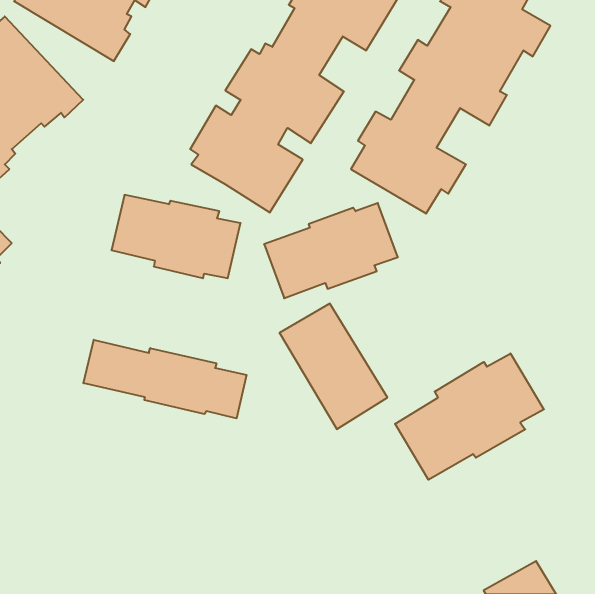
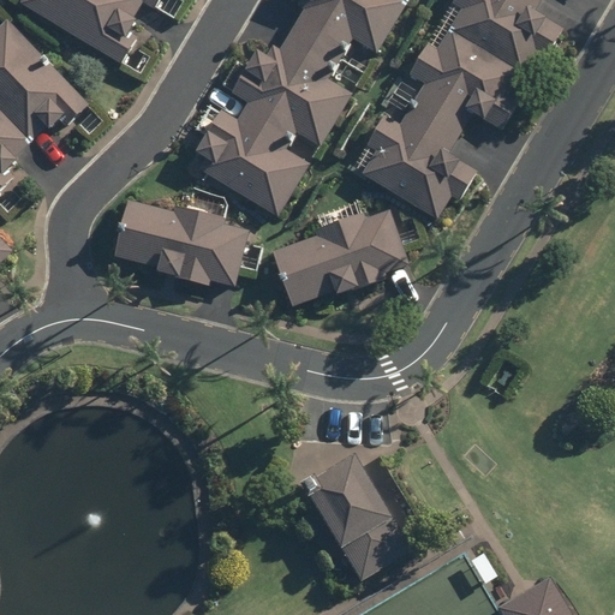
building: [279,304,387,429] -> [300,450,411,579]
building: [83,340,247,418] -> none
building: [395,353,544,480] -> none

